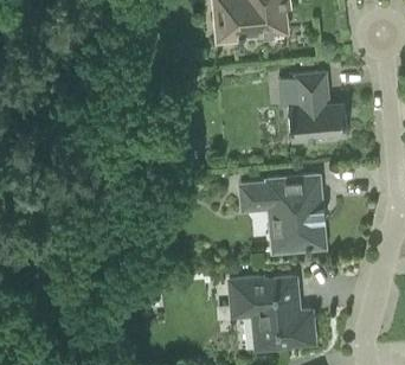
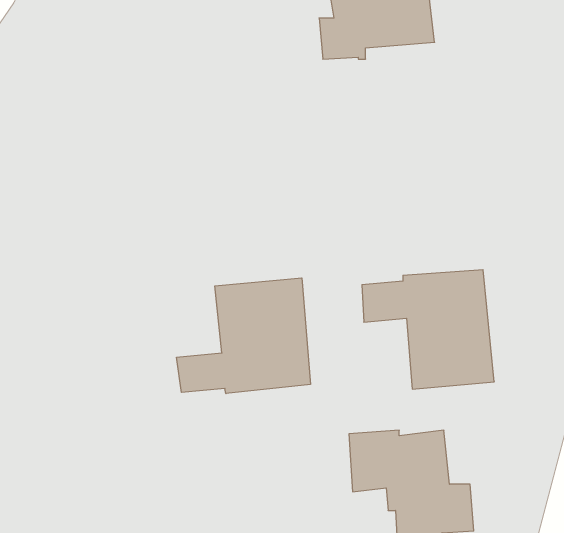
building: [288,71,346,142] -> none
building: none -> [177,278,310,394]

